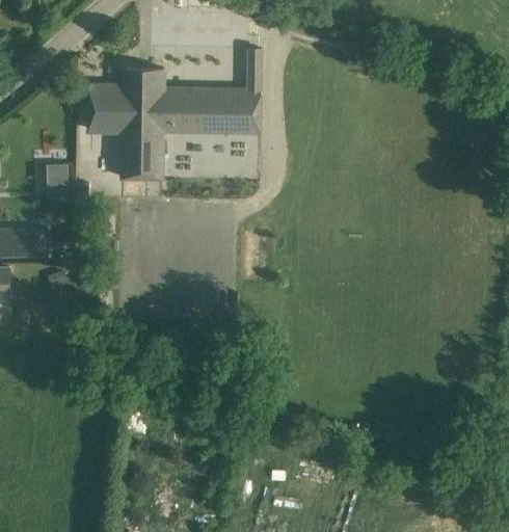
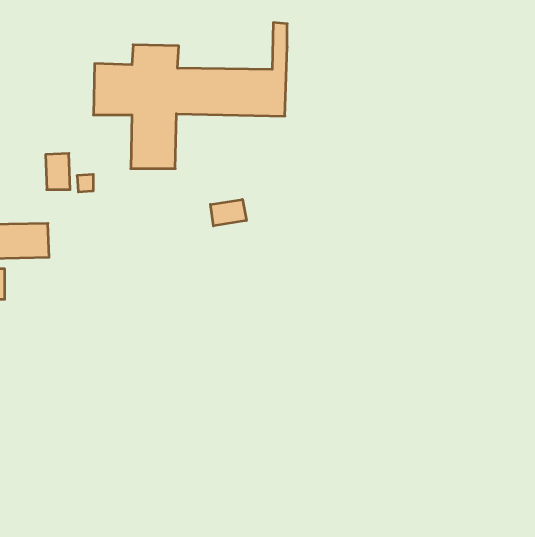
building: none -> [210,199,246,226]

